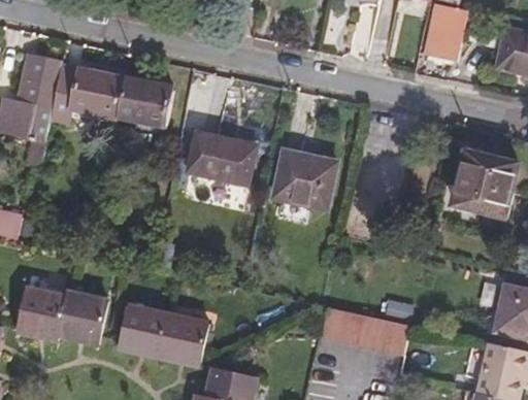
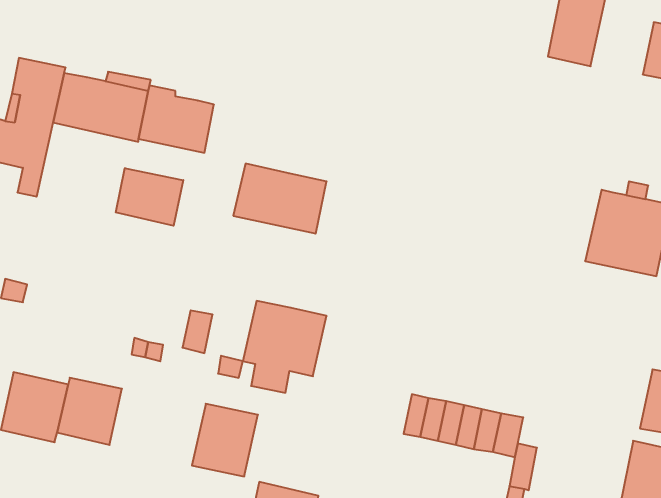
building: none -> [116,168,183,226]
building: [272,152,335,221] -> [243,301,327,393]
building: [117,304,167,360] -> none

